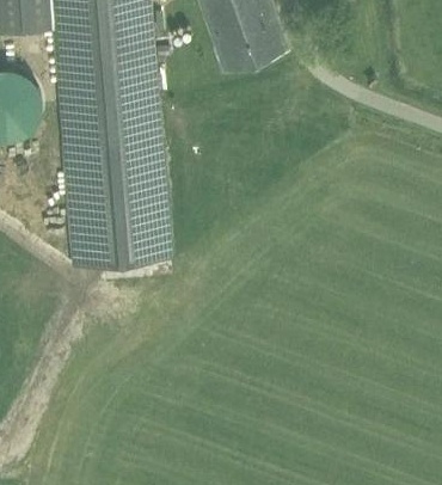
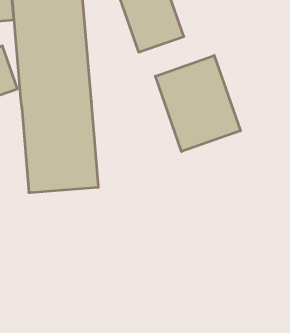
building: none -> [155,55,240,152]

